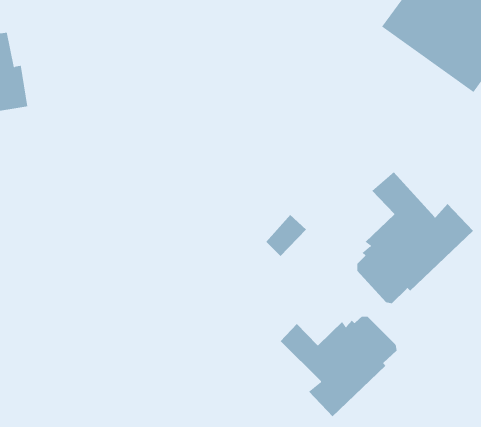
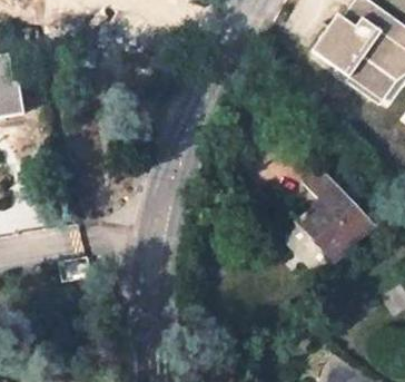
building: [280,316,397,417] -> none

